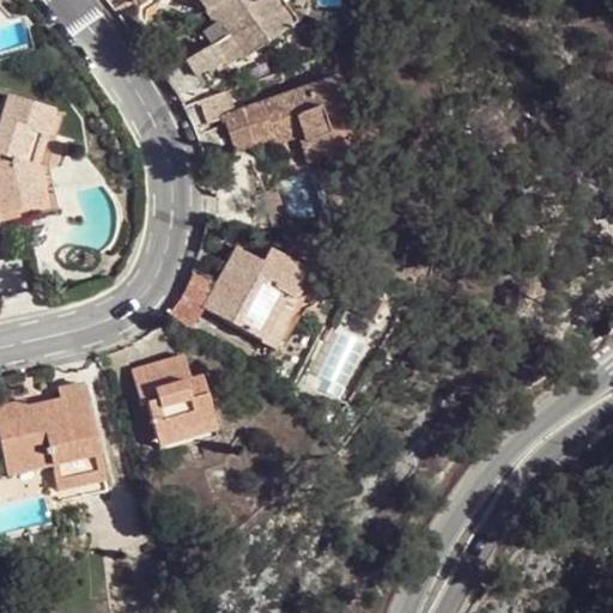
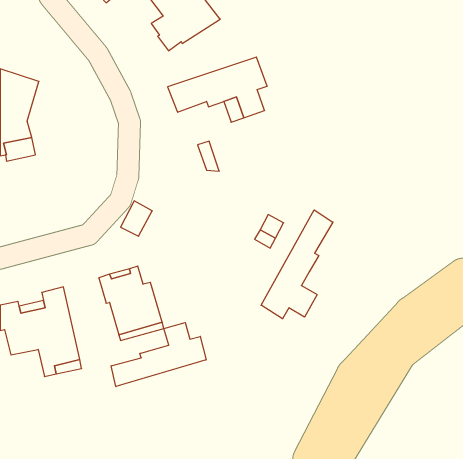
building: [193,242,312,341] -> none
building: none -> [261,210,333,319]
building: none -> [111,323,206,387]

